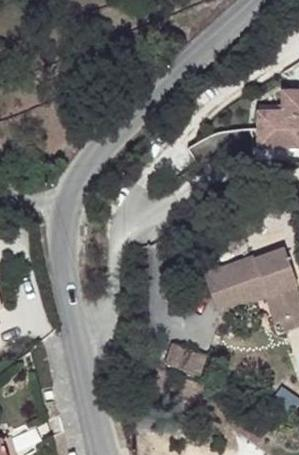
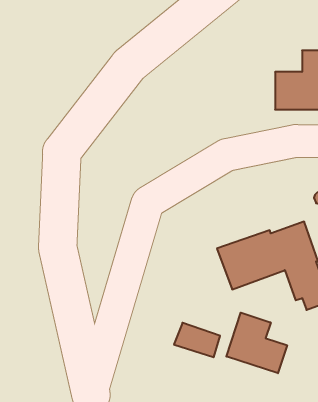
building: none -> [226,313,287,373]

